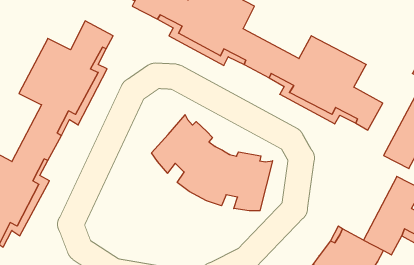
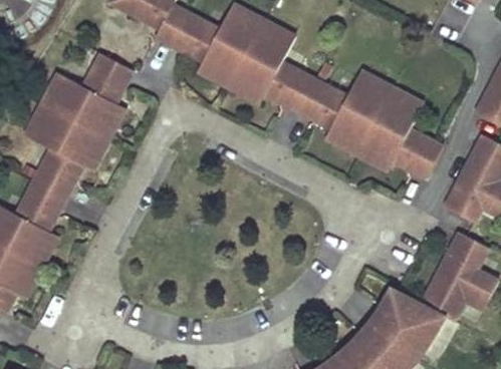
building: [152,115,273,211] -> none

